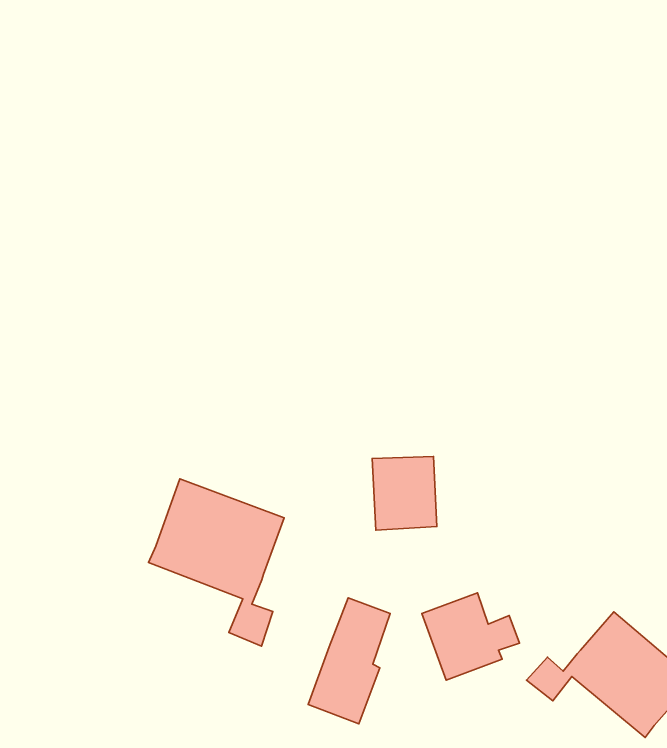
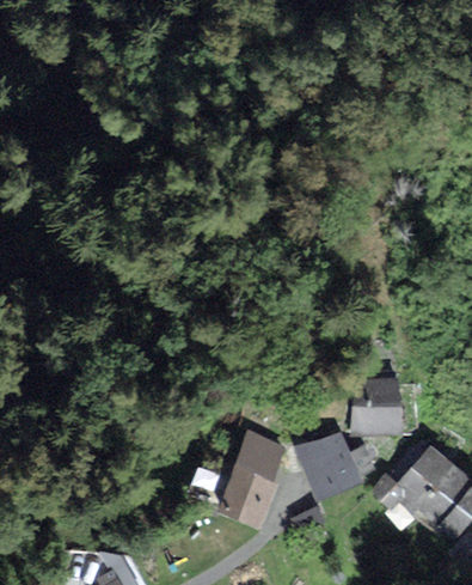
building: [372,457,437,530] -> [353,383,397,433]
building: [149,479,284,646] -> none

